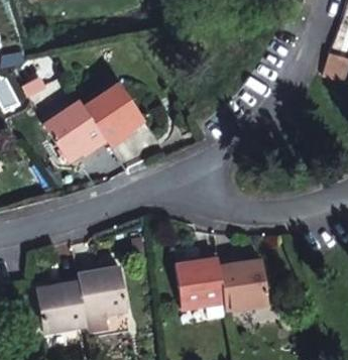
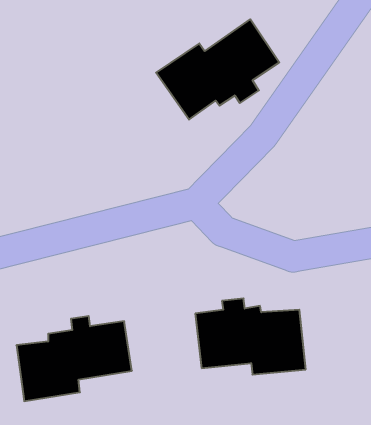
building: [44,85,142,164] -> [156,19,279,120]

